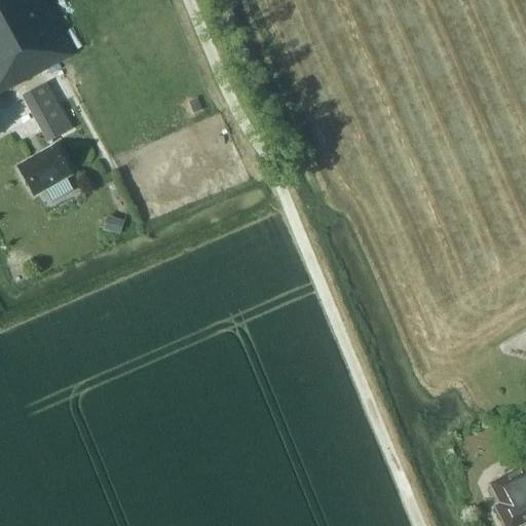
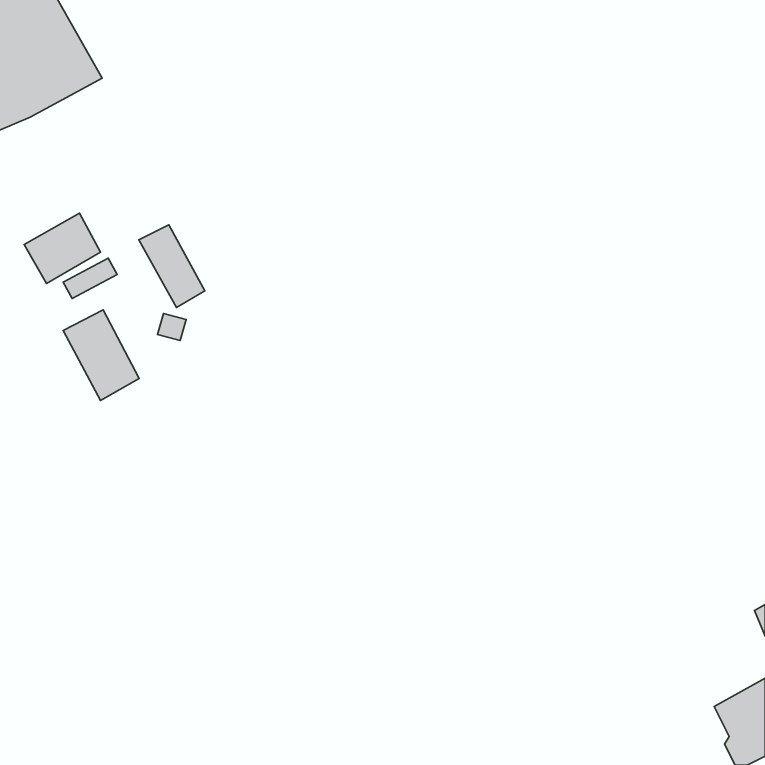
building: [24,83,69,140] -> [139,225,205,307]
building: none -> [63,310,139,401]

